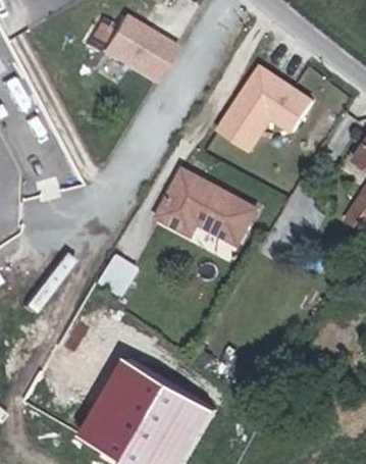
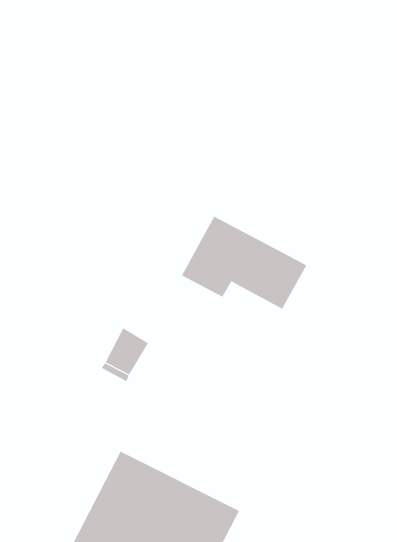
building: [103,18,178,87] -> none
building: [217,64,311,149] -> none

